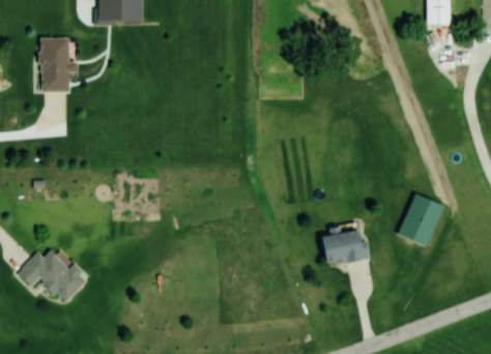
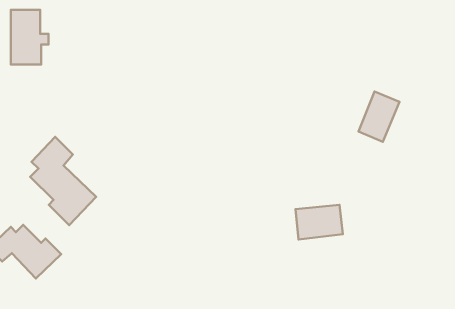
building: none -> [30,137,96,225]
building: [402,197,442,246] -> [359,91,400,142]

